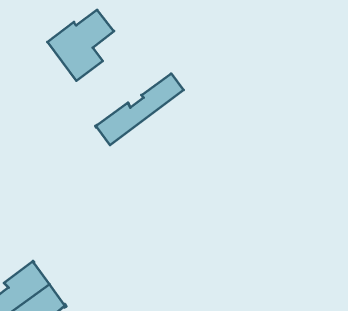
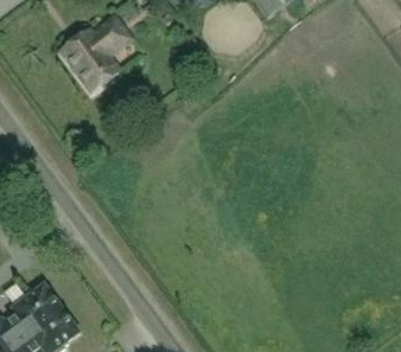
building: [95,74,184,145] -> none

